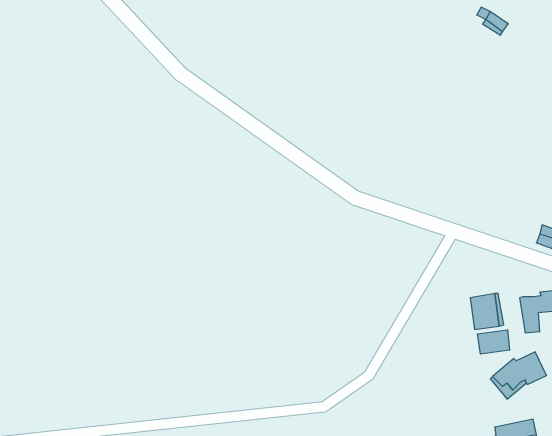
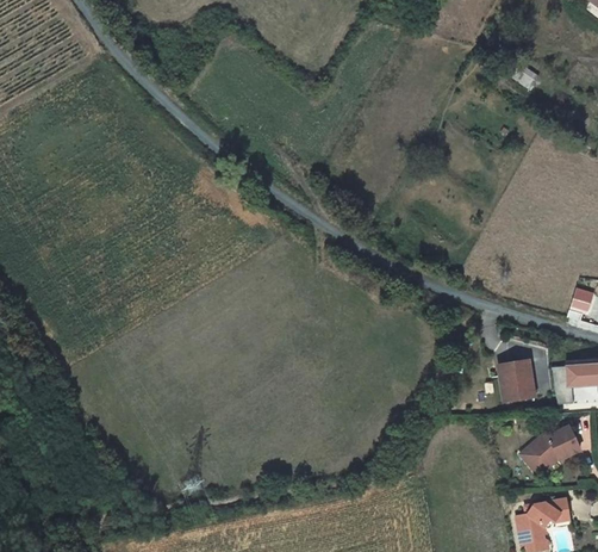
building: [478,330,509,354] -> none

